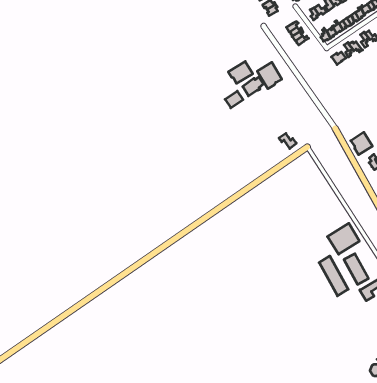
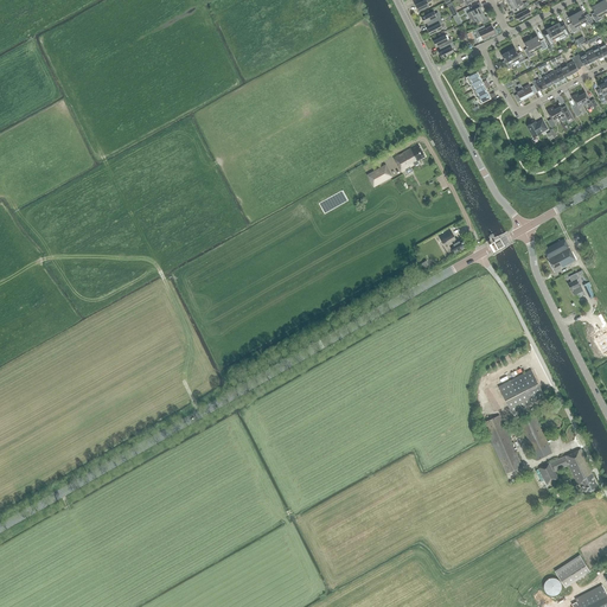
building: [228,61,253,83] -> none
building: [257,62,282,89] -> none

